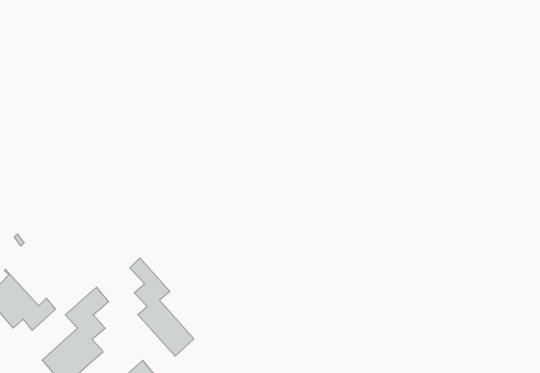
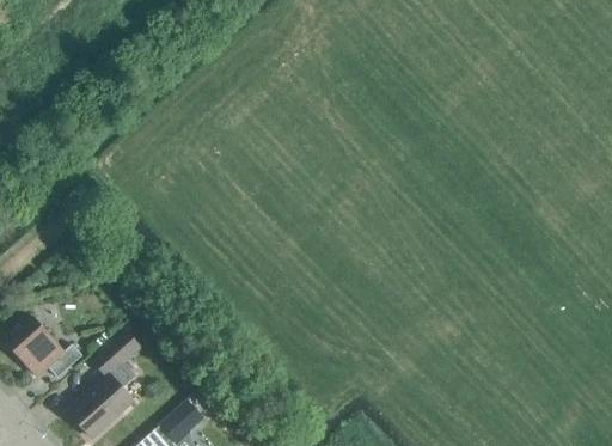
building: [130,258,194,356] -> none

